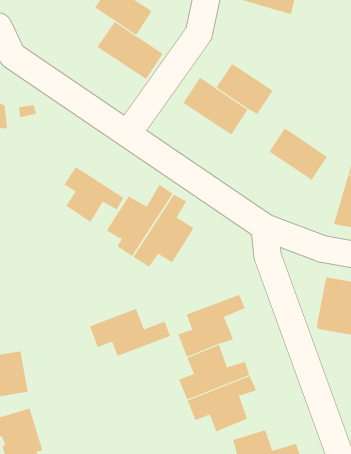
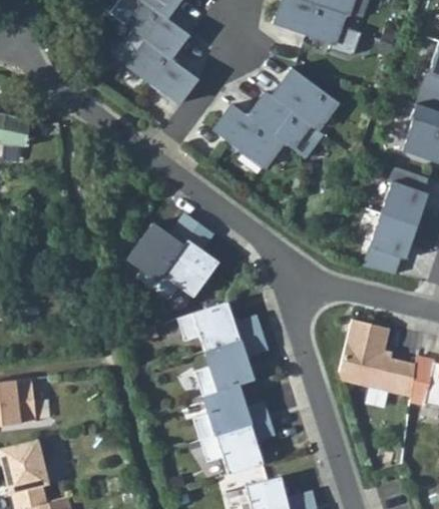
building: [269,127,328,181] -> [273,72,334,129]
building: [63,166,124,223] -> none
building: [89,308,171,356] -> [177,302,262,351]

